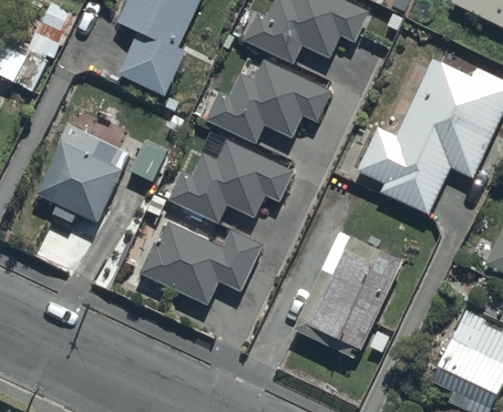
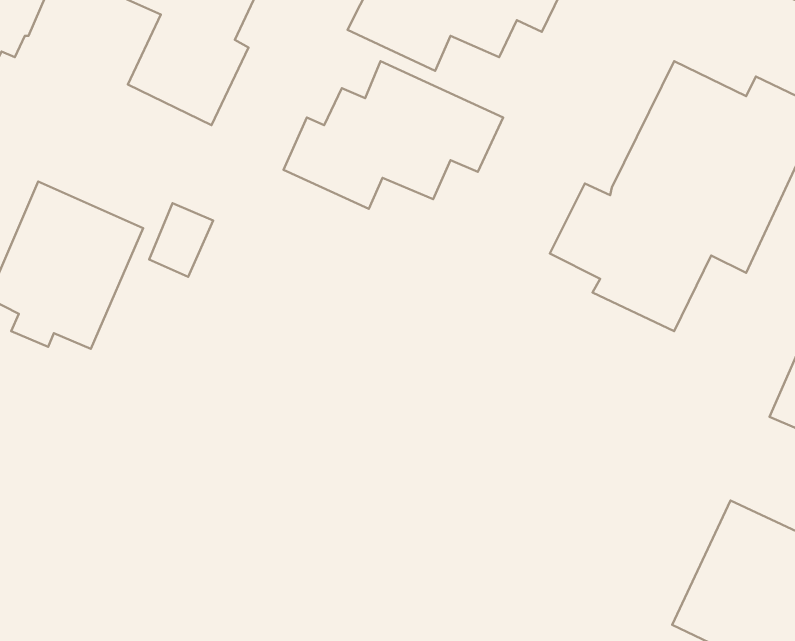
building: [168,140,292,224] -> none
building: [142,220,261,306] -> none
building: [295,231,402,357] -> none

